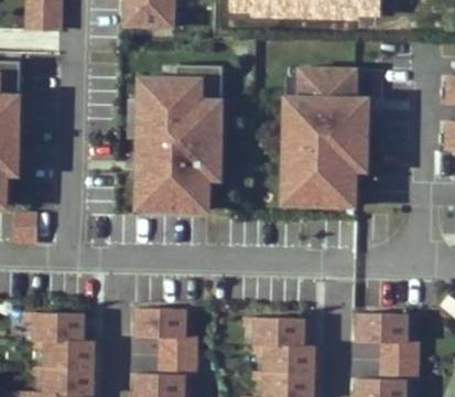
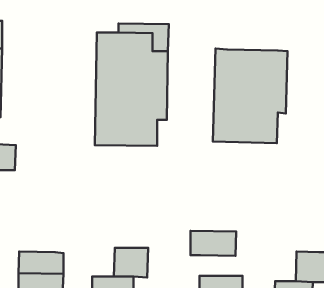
building: [295,67,357,98] -> none
building: [133,310,185,340] -> none
building: [31,313,85,345] -> none
building: [353,314,409,345] -> none
building: [261,348,315,374] -> none

